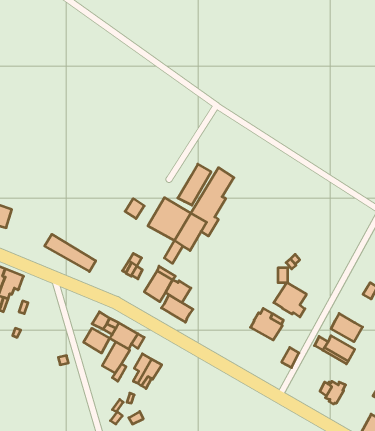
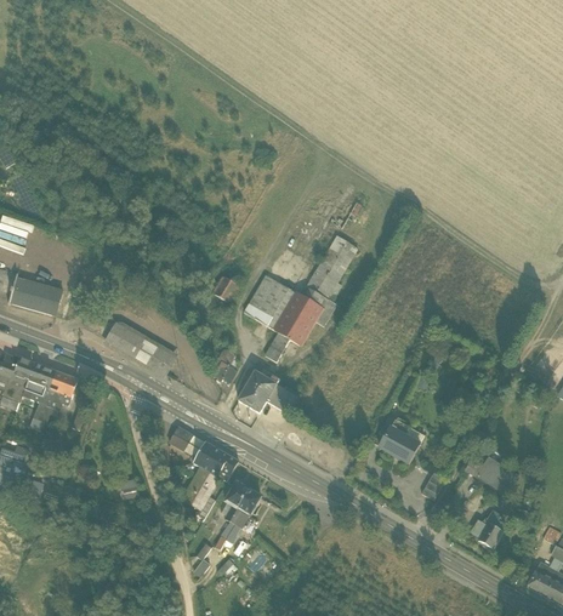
building: [178,164,211,205] -> none
building: [274,283,306,317] -> none
building: [161,295,193,322] -> none
building: [331,313,363,342] -> none
building: [84,328,110,353] -> none

